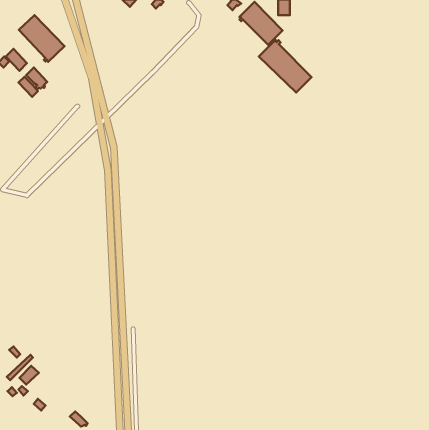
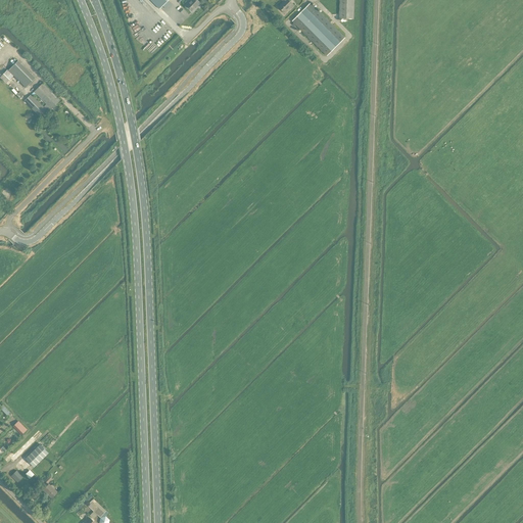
building: [19,15,65,62] -> none
building: [259,40,312,93] -> none

